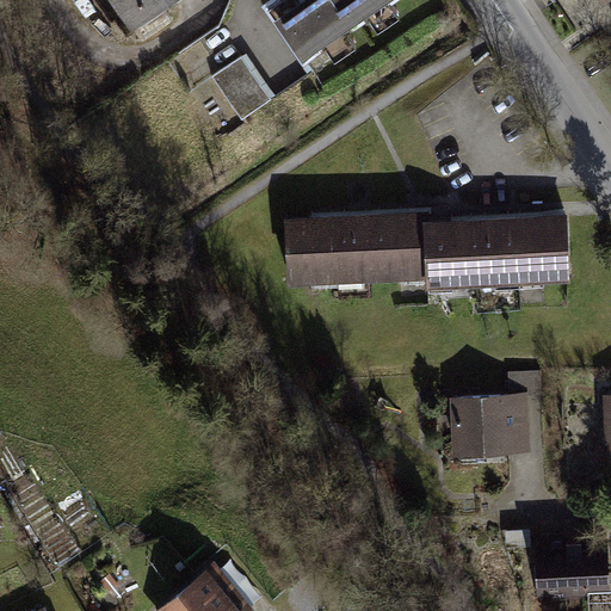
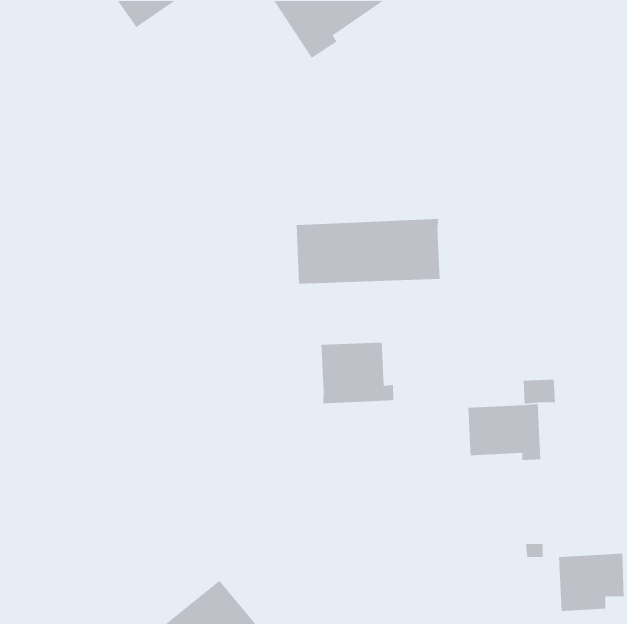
building: [212,57,271,121] -> none
building: [426,218,568,283] -> none
building: none -> [320,342,394,404]

